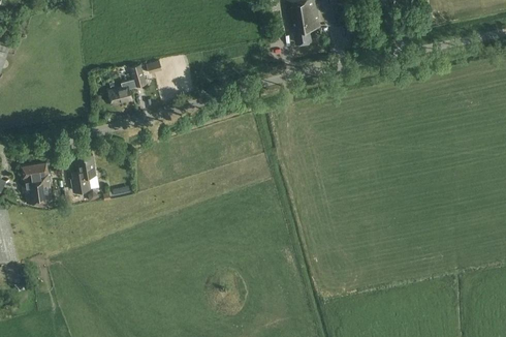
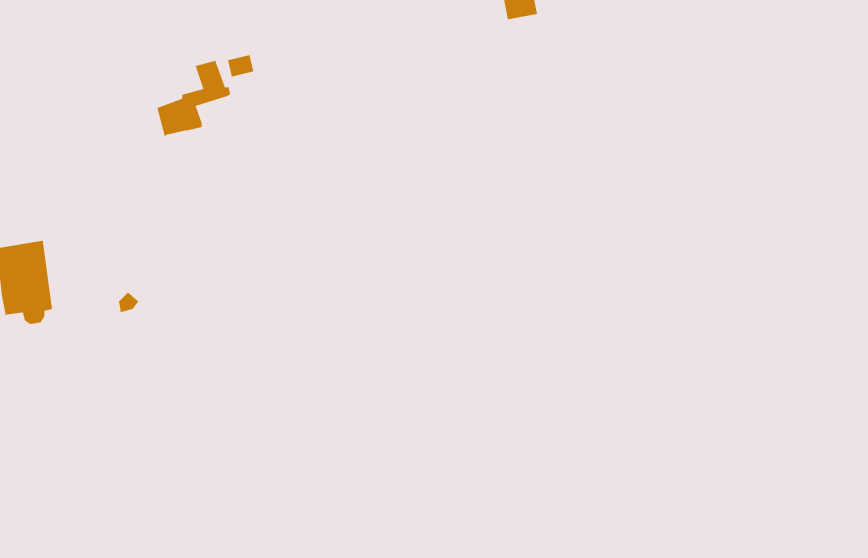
building: [71,155,94,192] -> none

